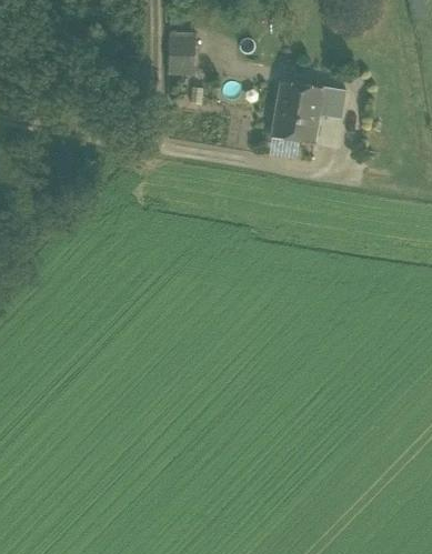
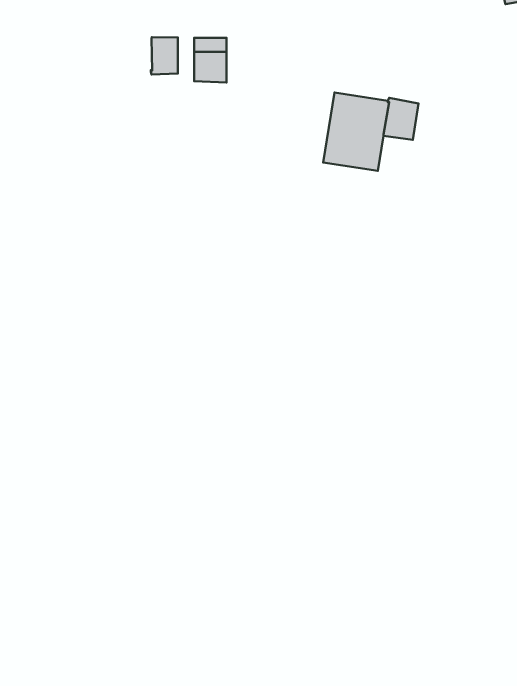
building: none -> [151,37,178,75]

